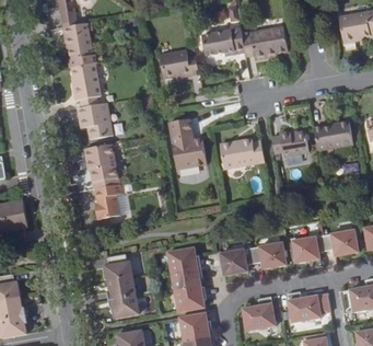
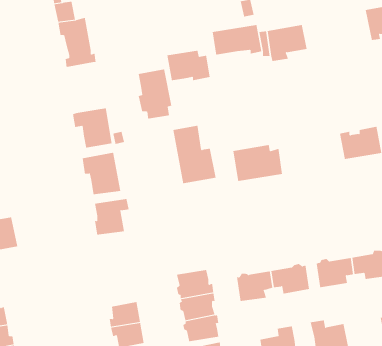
building: [70,62,101,107] -> [138,69,172,119]
building: [270,130,307,157] -> none
building: [107,253,133,280] -> none

